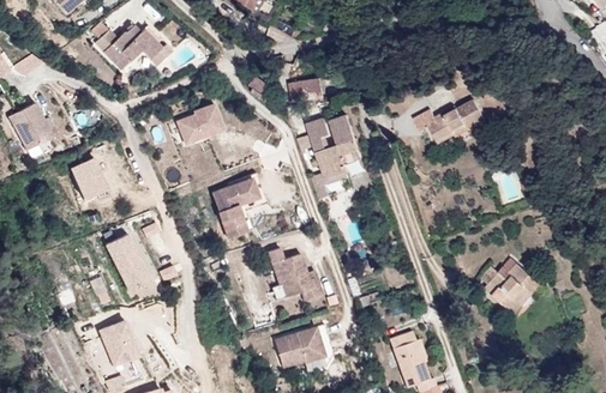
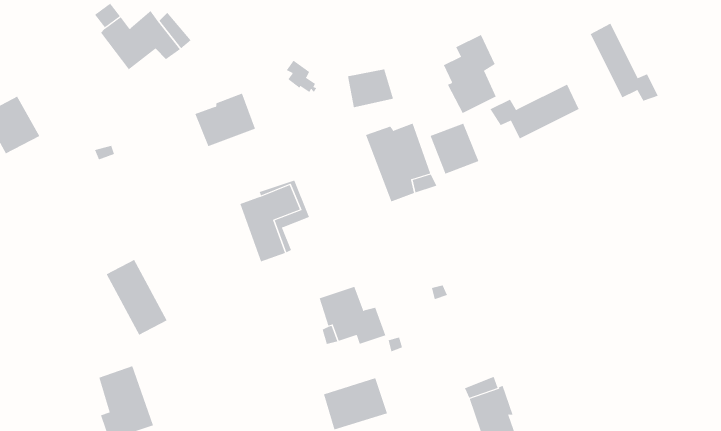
building: none -> [590,23,658,101]
building: none -> [443,34,497,114]
building: none -> [430,123,479,174]
building: [68,159,108,202] -> none
building: [481,258,538,314] -> none

